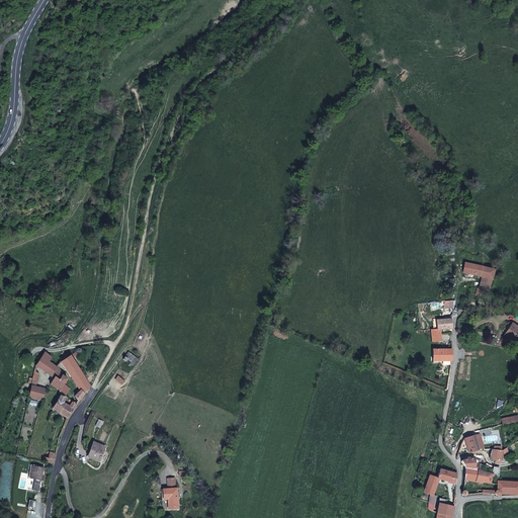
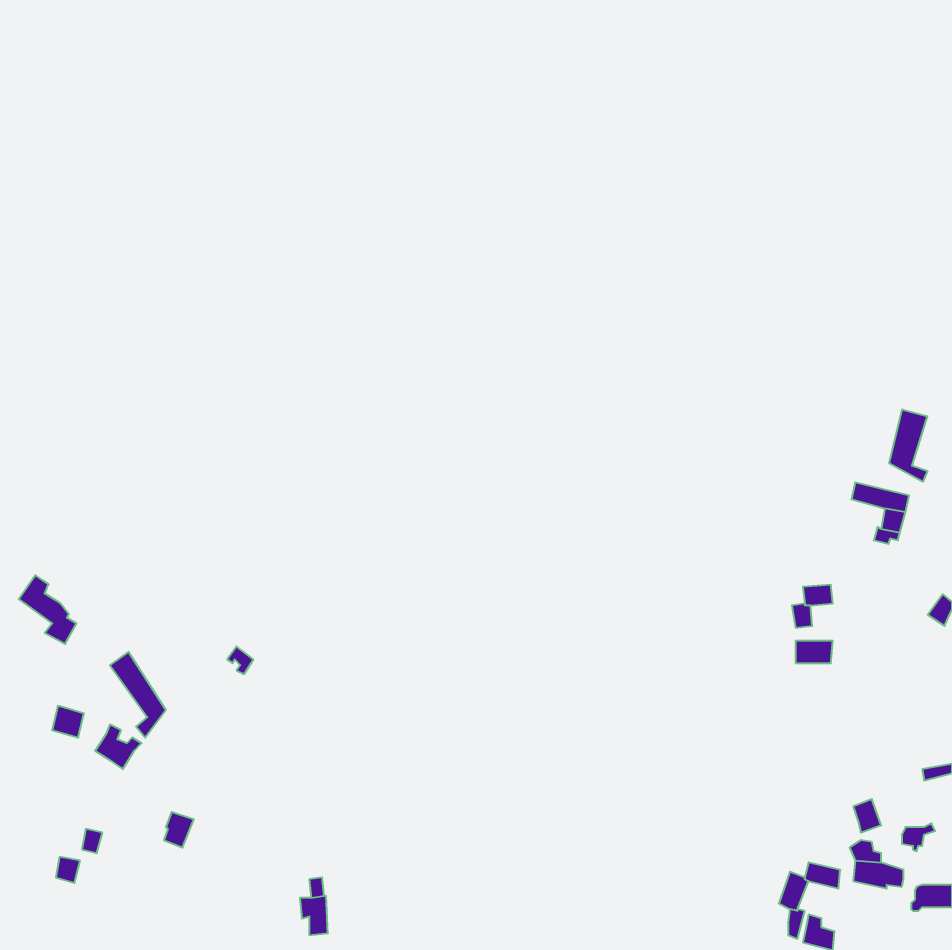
building: none -> [889,409,927,482]
building: [35,351,67,388] -> [19,575,76,644]

